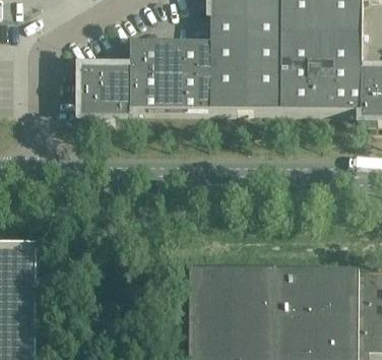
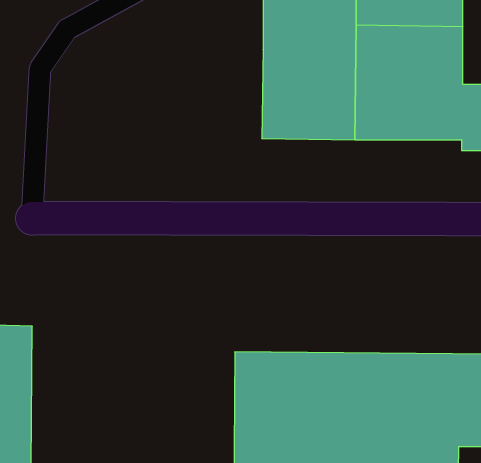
building: [79,39,210,115] -> none

